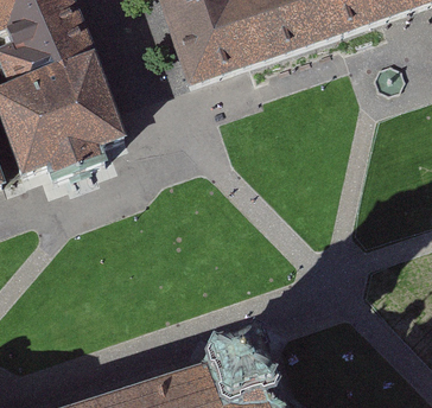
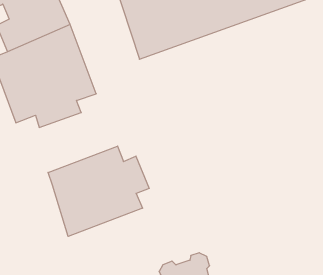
building: none -> [48,146,149,236]

